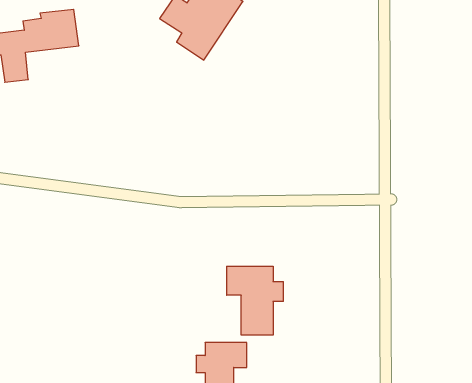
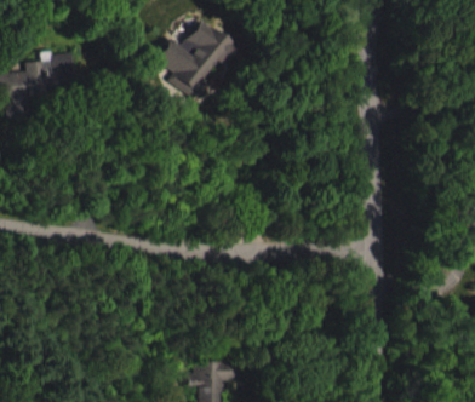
building: [227,266,283,335] -> none

